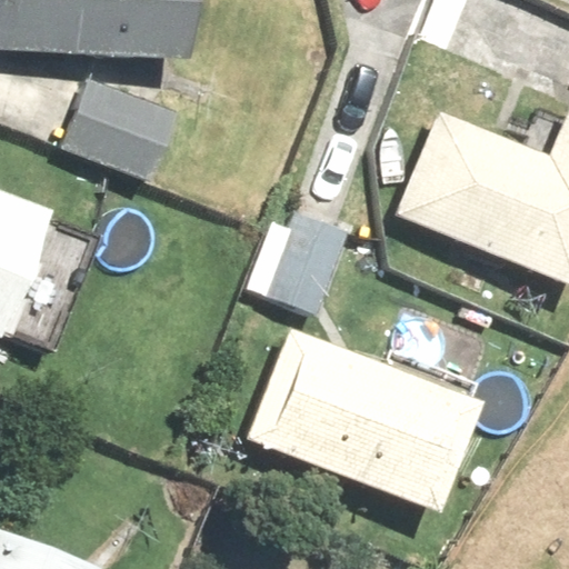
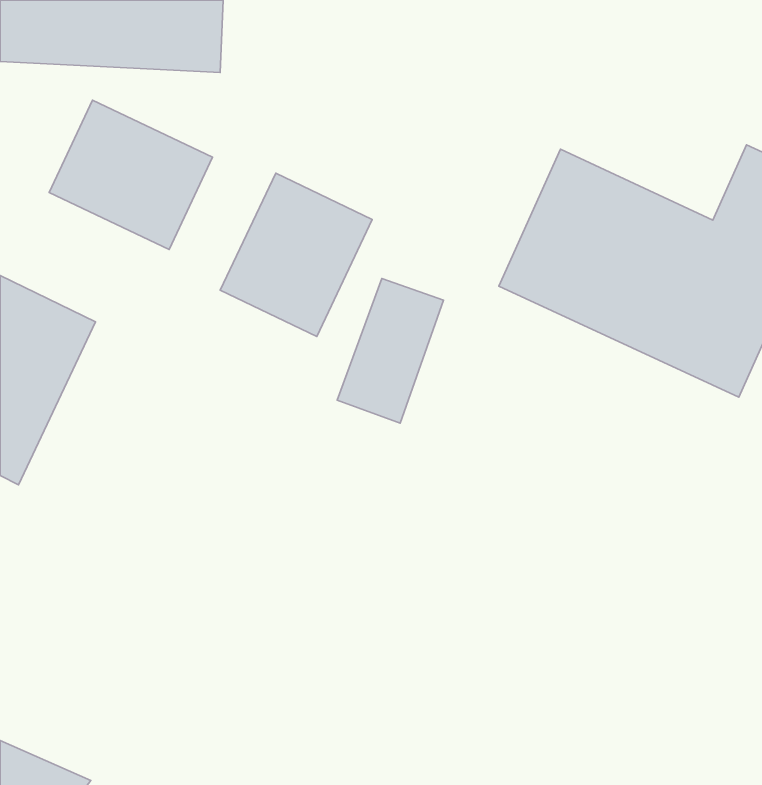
building: none -> [220,173,372,337]
building: [231,323,476,506] -> none

